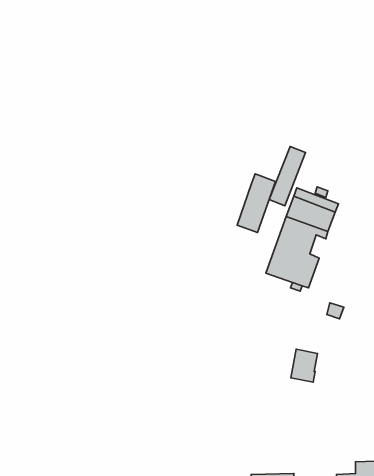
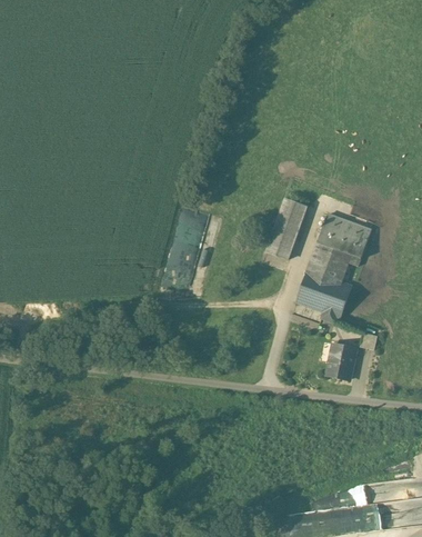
building: [269,147,306,206] -> none
building: [291,349,317,382] -> [326,345,354,379]

